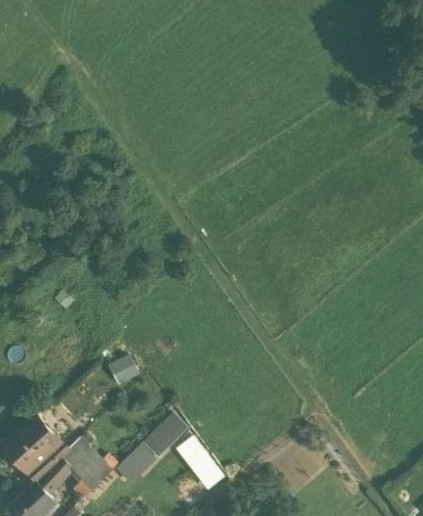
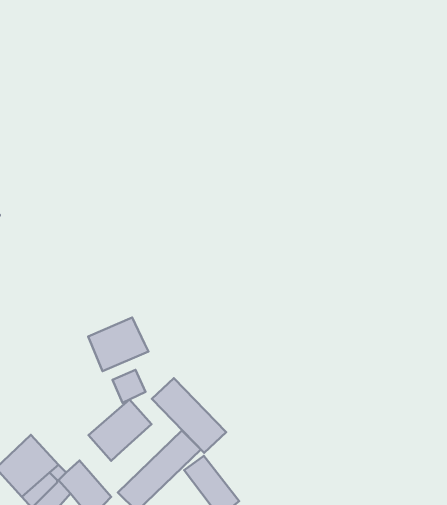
building: none -> [88,318,148,371]
building: none -> [152,378,226,453]
building: none -> [89,400,151,461]

